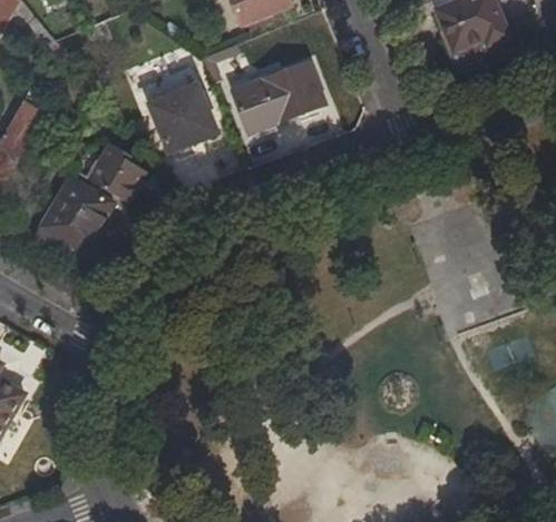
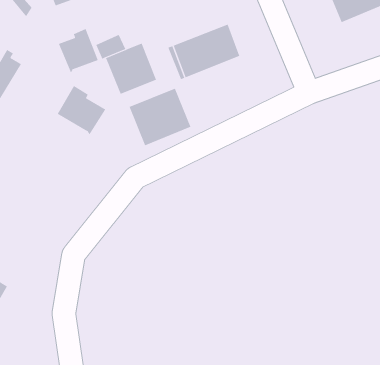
building: none -> [58,28,98,73]
building: none -> [129,88,191,146]
building: [42,177,114,249] -> none

